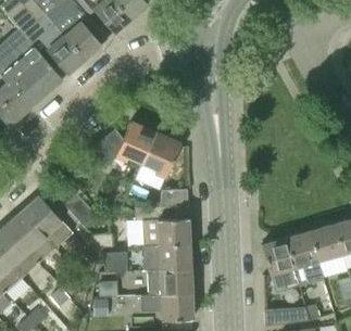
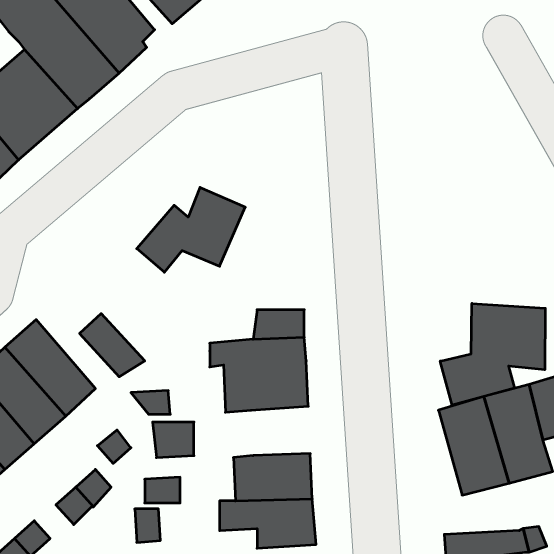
building: [140,133,179,177] -> none
building: none -> [440,303,545,405]
building: [158,243,190,270] -> none

